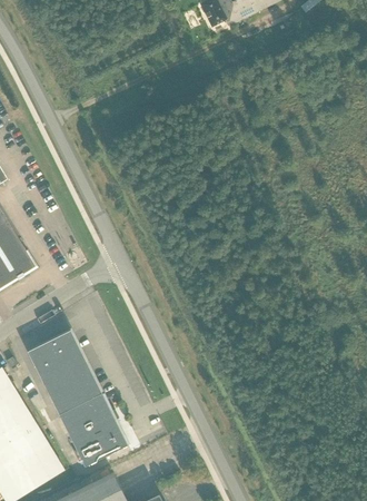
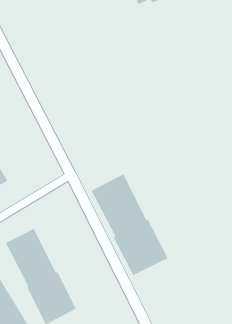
building: none -> [91,173,168,276]

